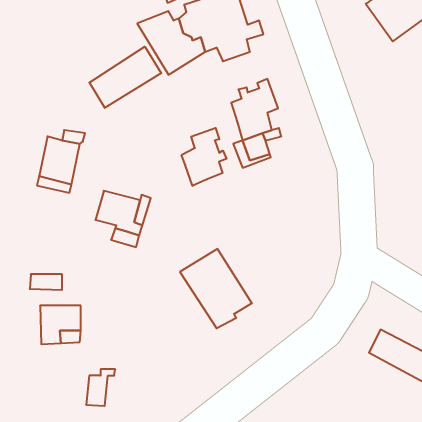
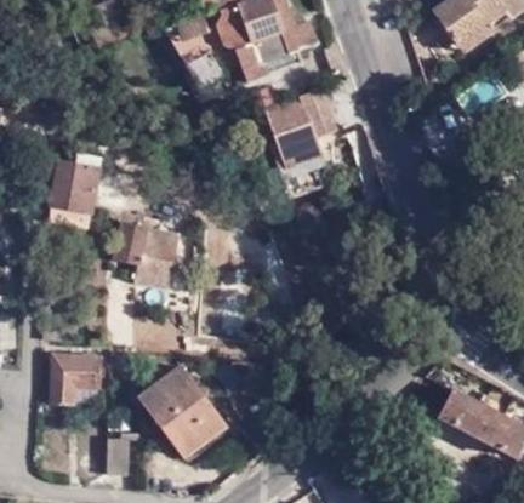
building: [89,47,161,108] -> none
building: [182,128,227,186] -> none
building: [180,249,252,328] -> [147,370,230,462]

